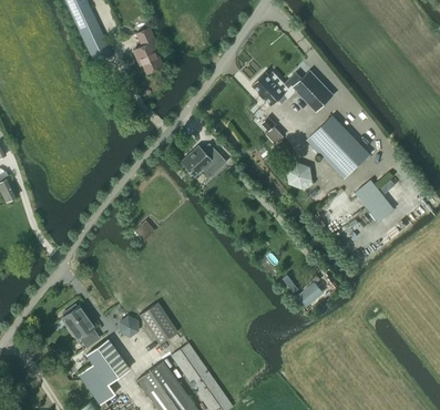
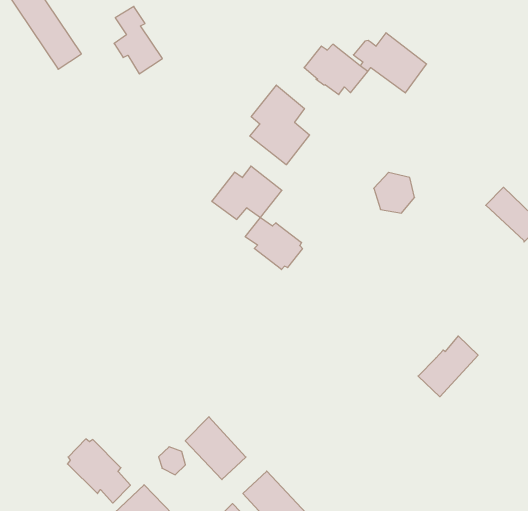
building: none -> [250,85,310,165]
building: [306,114,370,180] -> none
building: none -> [245,218,302,270]

